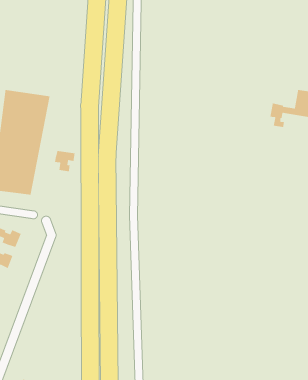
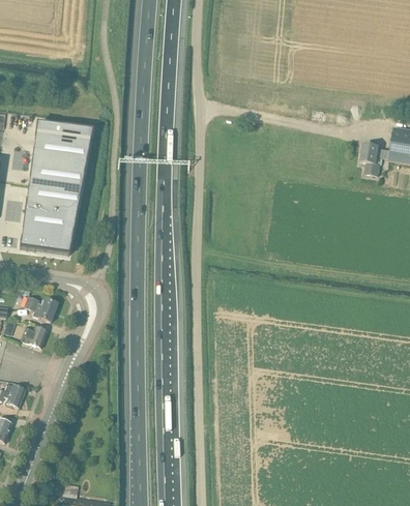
building: [54,150,75,172] -> none

